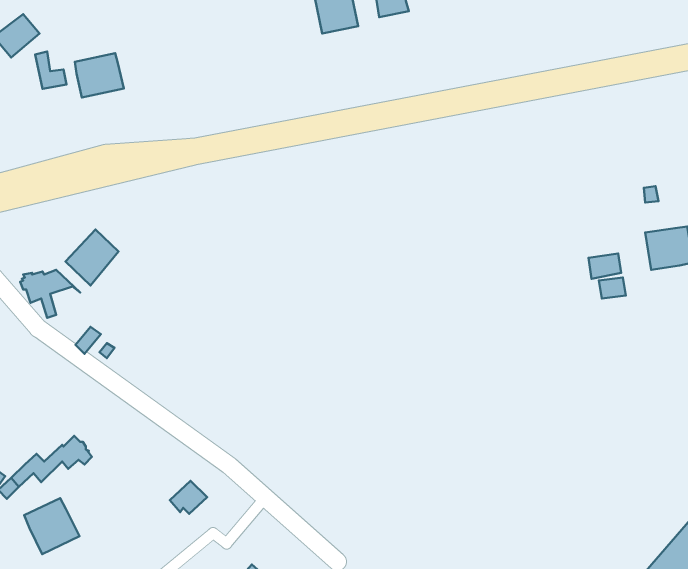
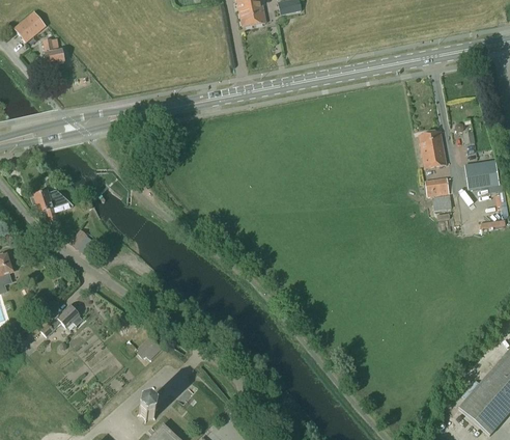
building: [75,53,124,98] -> none
building: none -> [420,131,447,168]
building: [65,230,119,285] -> none
building: [24,498,79,554] -> none

